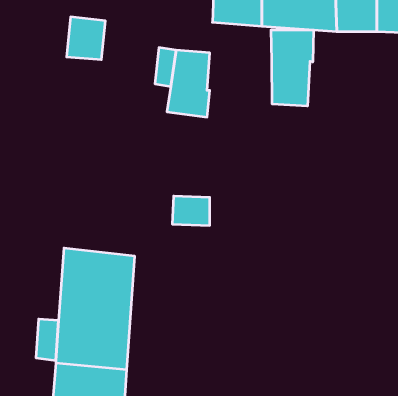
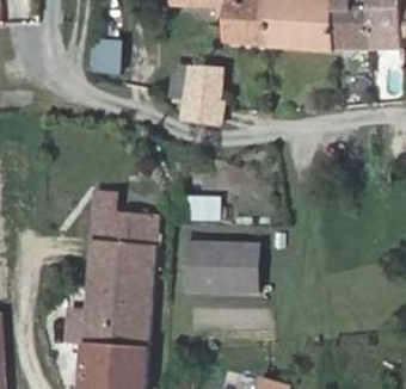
building: [271,30,314,106] -> none
building: none -> [91,193,156,249]
building: none -> [186,242,258,294]

